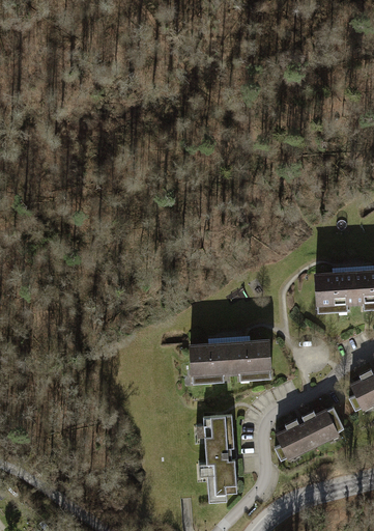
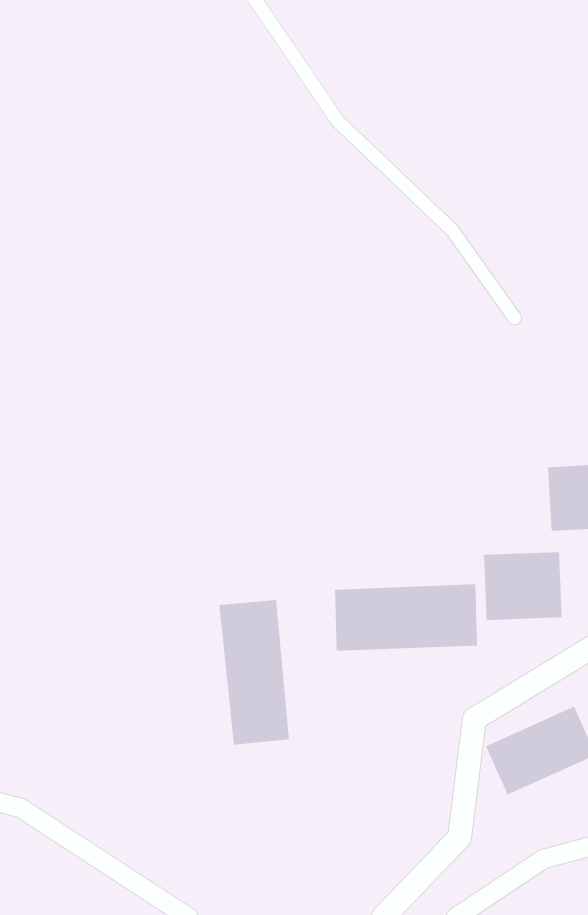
building: none -> [483,551,562,621]
building: [199,412,239,495] -> [219,599,290,745]

